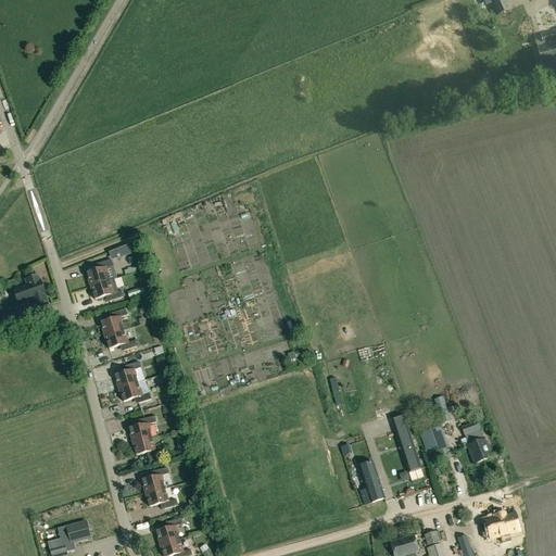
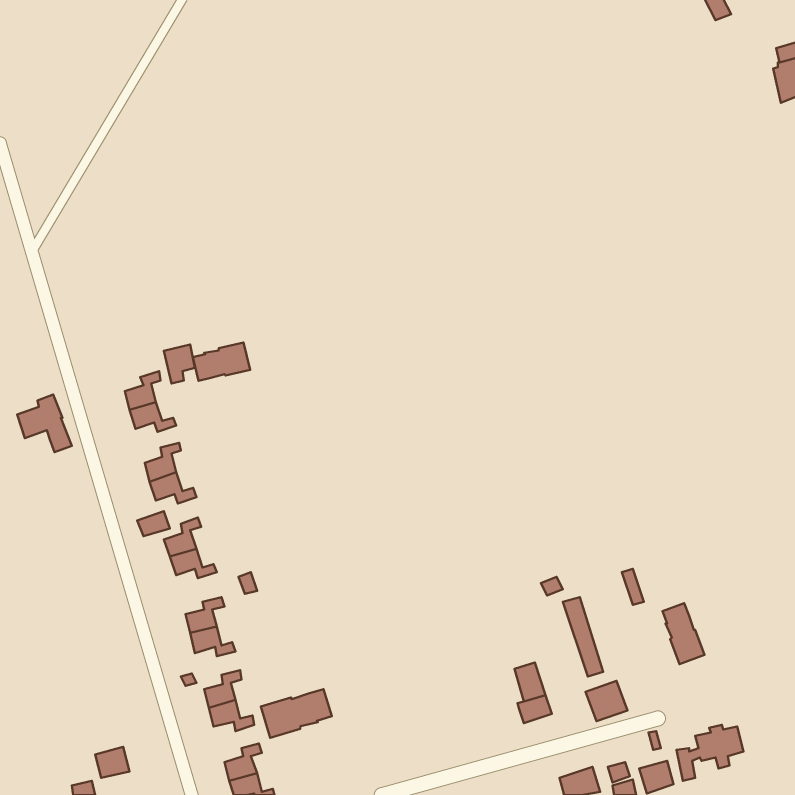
building: none -> [193,342,250,381]
building: [419,426,448,454] -> [585,681,628,721]
building: none -> [261,689,332,738]

